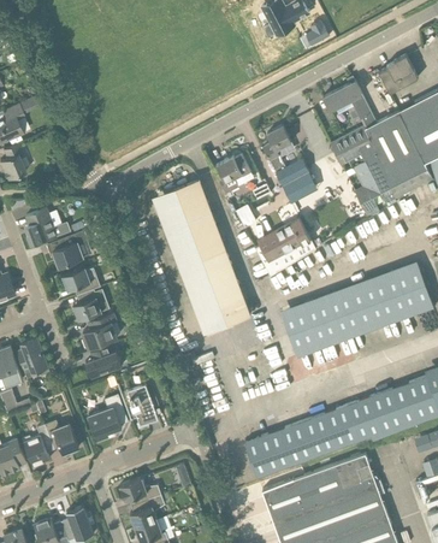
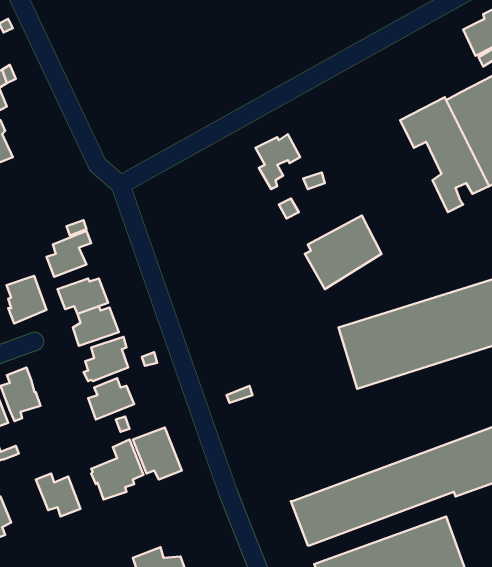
building: [324,81,377,128] -> none
building: [262,125,316,203] -> none
building: [153,178,250,332] -> none
building: [25,208,57,246] -> [7,276,47,324]
building: [23,425,54,466] -> none

